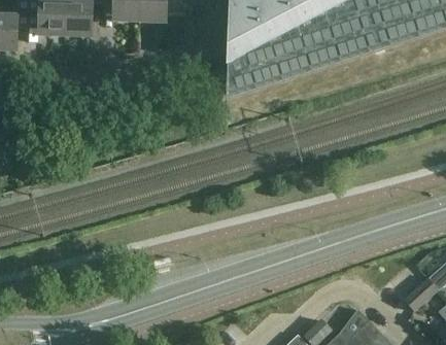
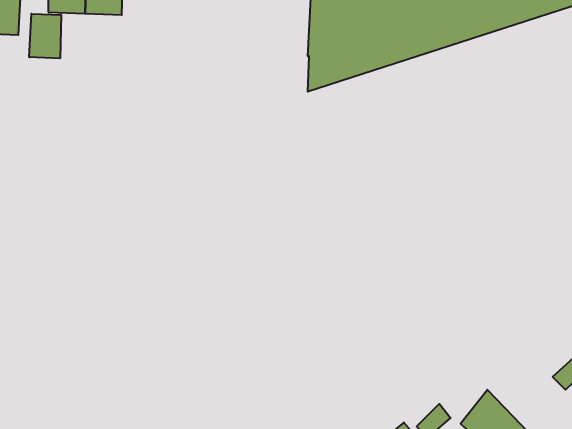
building: none -> [29,14,61,58]

